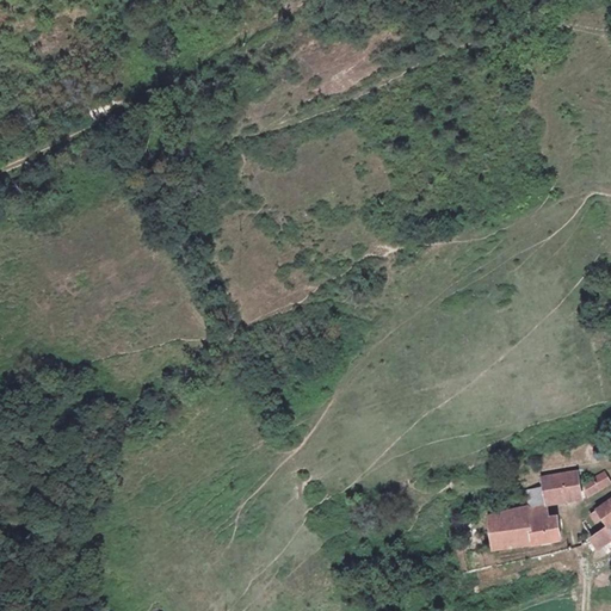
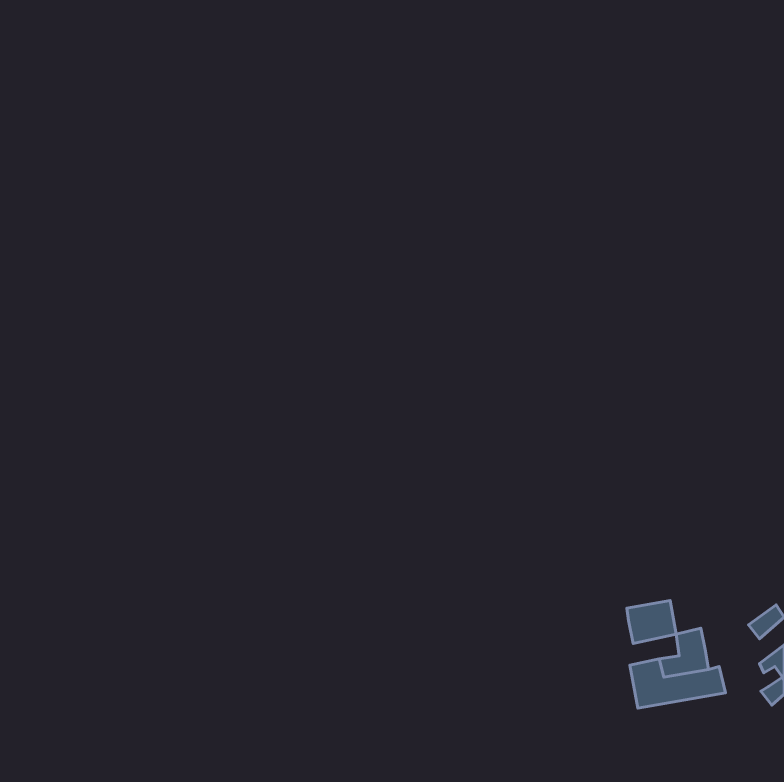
building: [542,471,580,505] -> [627,600,676,643]

